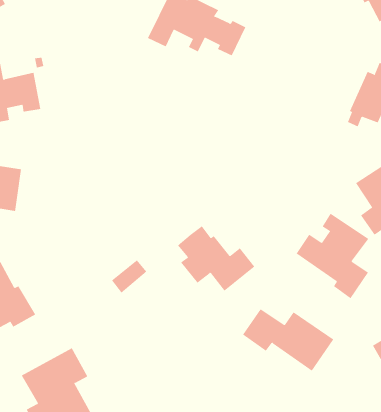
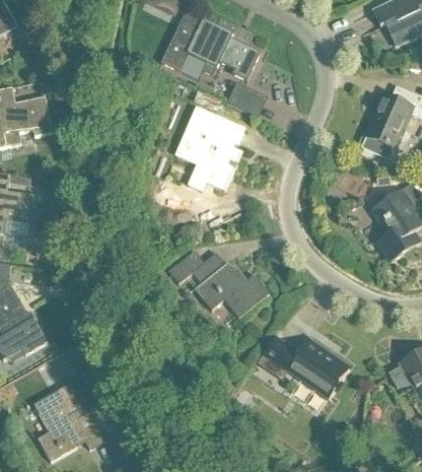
building: none -> [226,82,260,114]
building: none -> [177,109,243,191]
building: [296,213,369,299] -> none
building: [111,259,147,294] -> [167,249,204,283]

